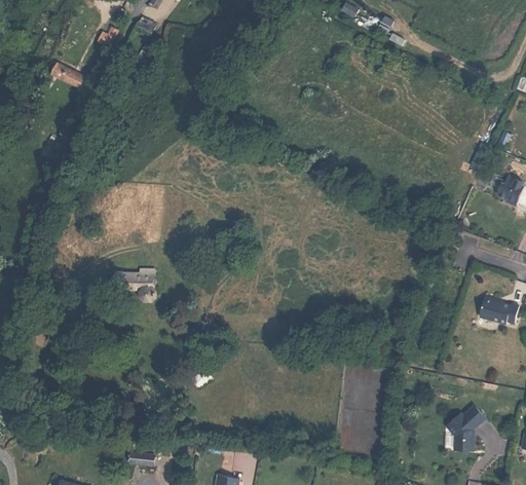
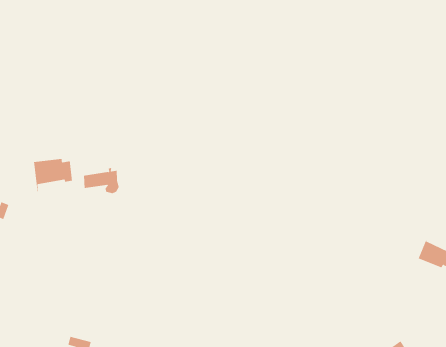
building: none -> [33,158,73,192]

